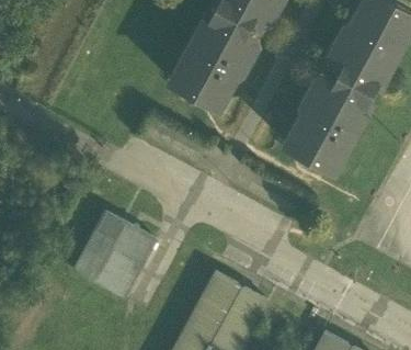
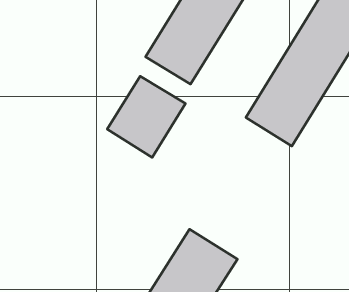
building: [85,211,167,296] -> [107,76,185,158]

